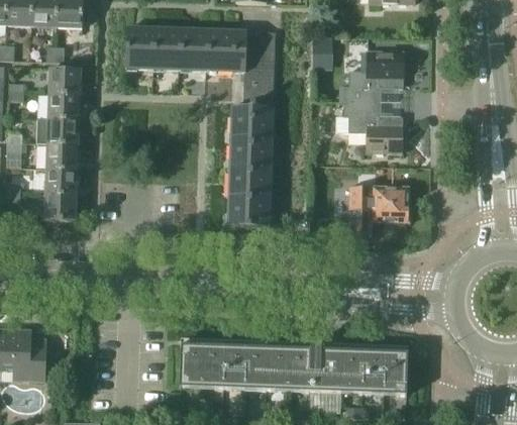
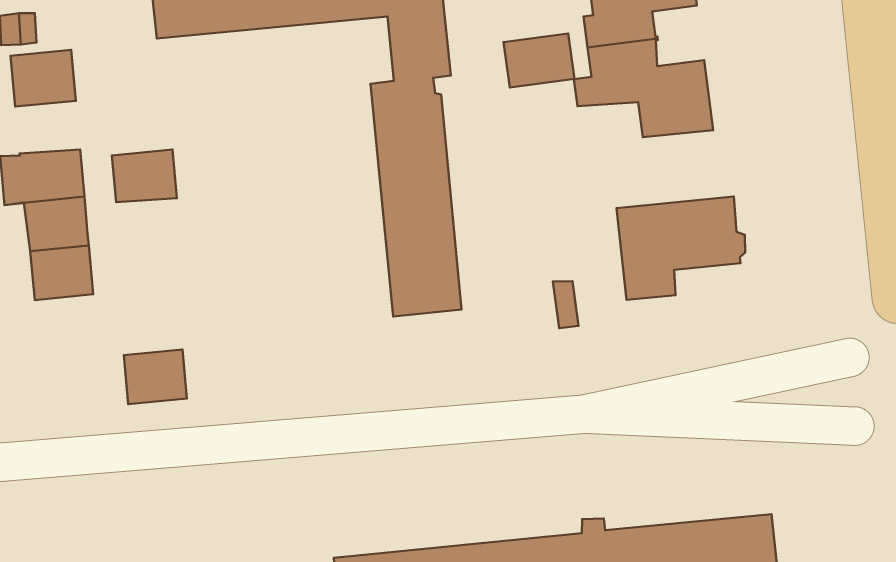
building: none -> [503,34,574,87]
building: [47,93,80,119] -> [112,149,177,202]
building: [44,193,76,219] -> [124,350,187,404]

